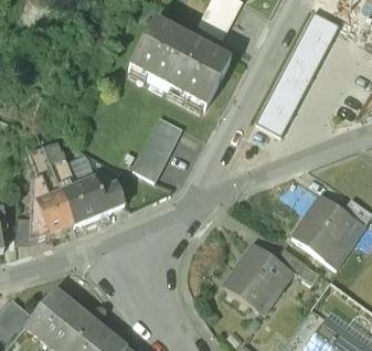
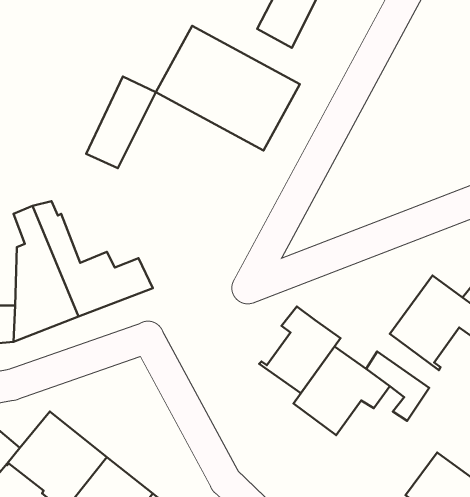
building: [258,14,337,135] -> none
building: [134,115,182,179] -> [86,76,156,168]
building: none -> [259,307,341,393]

